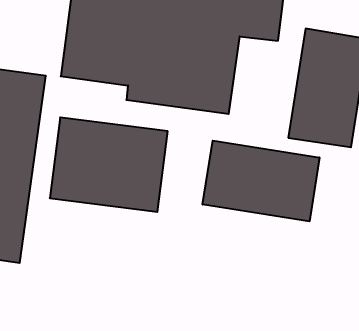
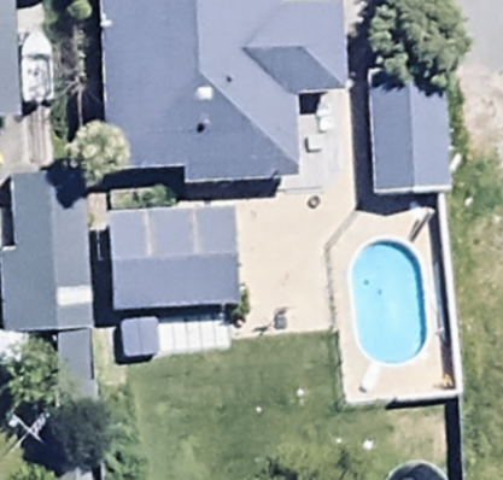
building: [203,141,319,221] -> none

